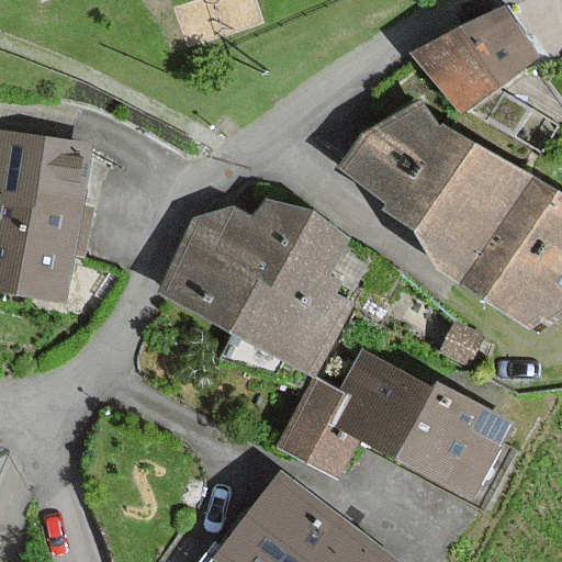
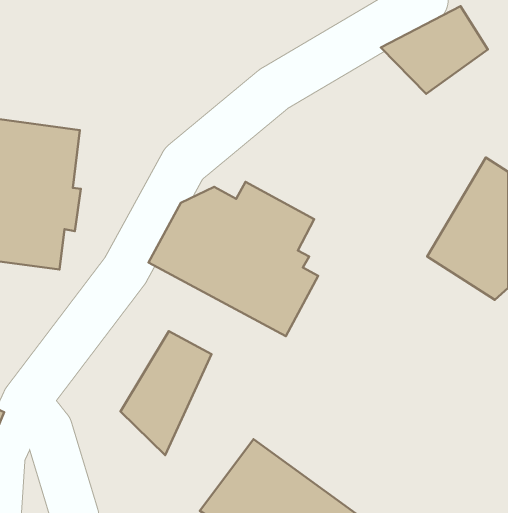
building: [341,108,528,282] -> none
building: [279,349,506,496] -> none
building: none -> [120,331,212,455]

